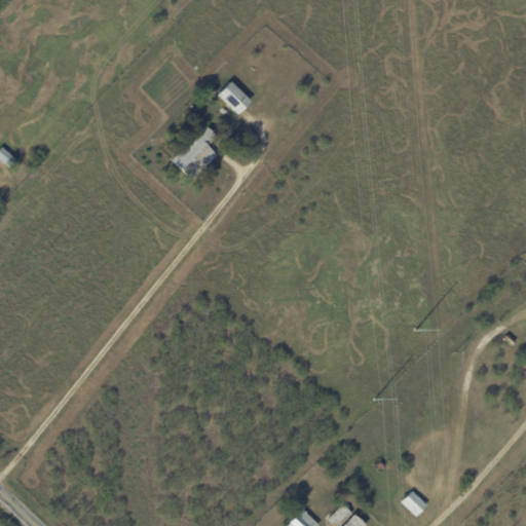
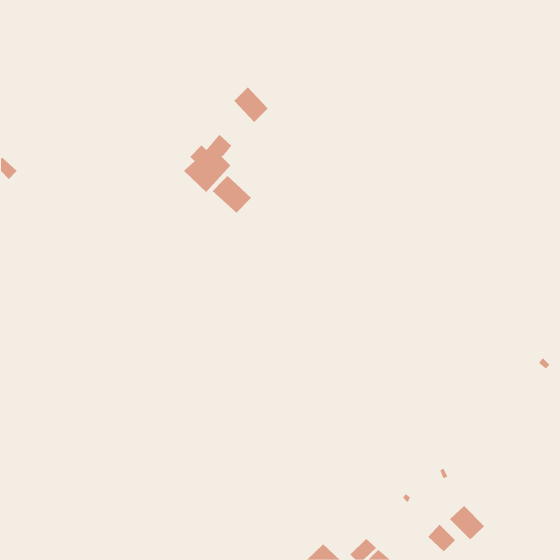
building: none -> [212,175,252,214]
building: none -> [449,505,485,540]

